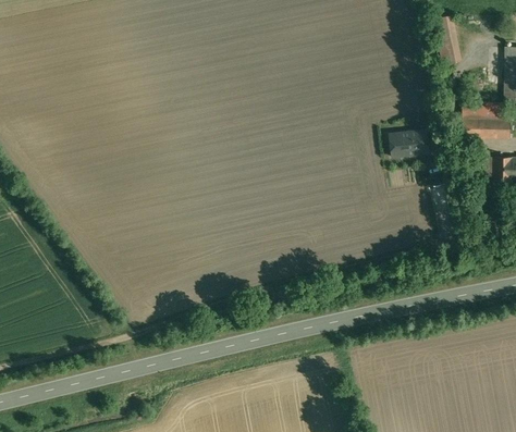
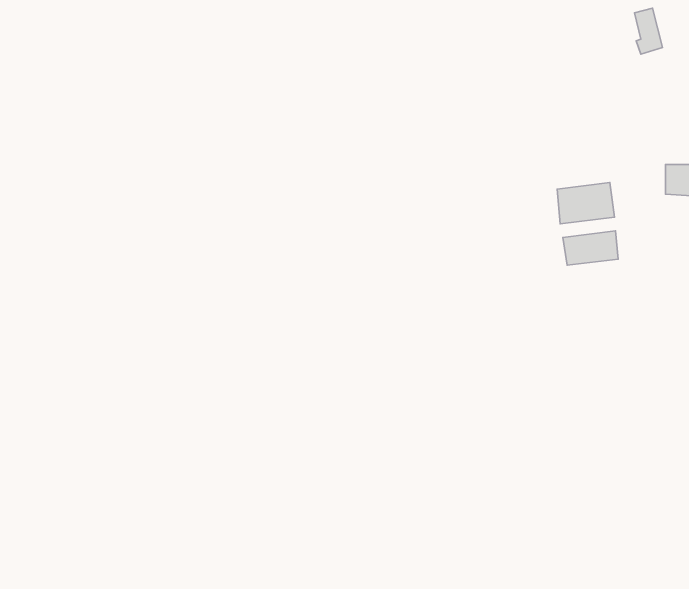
building: none -> [563,231,618,265]

